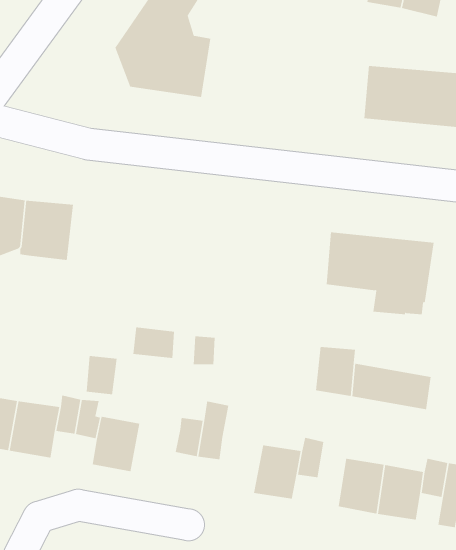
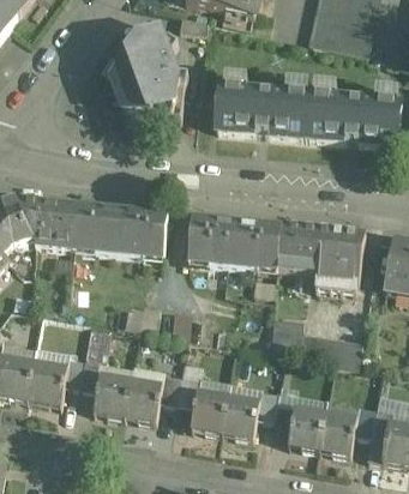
building: none -> [216,85,311,135]
building: none -> [72,204,167,257]
building: none -> [187,216,281,269]
building: none -> [122,378,161,421]
building: none -> [190,388,227,433]

